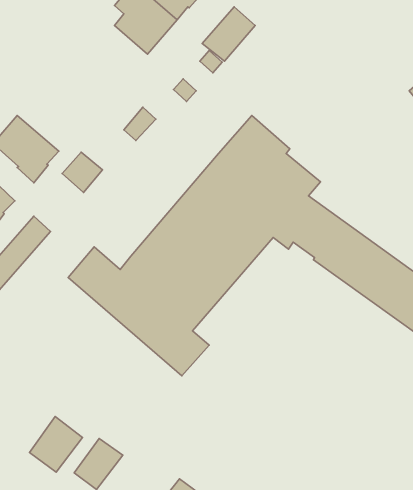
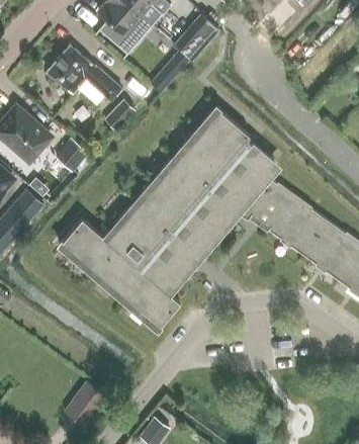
building: none -> [48,46,122,100]
building: [29,417,82,472] -> none

